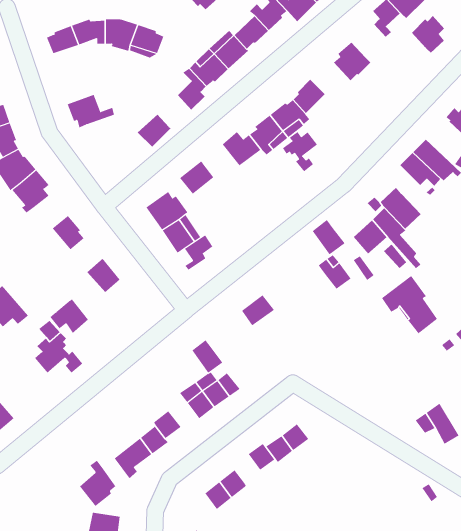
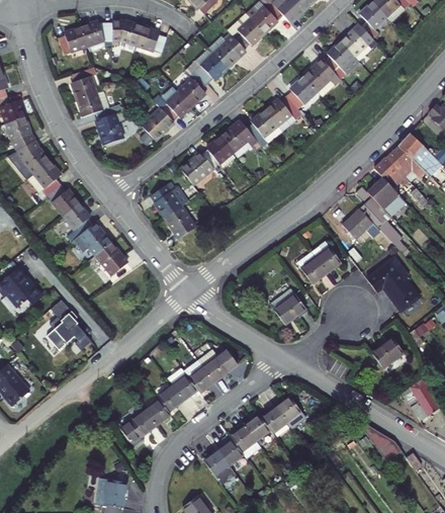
building: [411,15,445,54] -> [341,26,372,62]
building: none -> [302,59,342,97]
building: none -> [71,67,97,100]
building: none -> [161,92,192,121]
building: none -> [95,109,131,146]
building: [282,131,318,172] -> none
building: none -> [203,138,237,169]
building: none -> [373,157,405,183]
building: none -> [47,185,78,216]
building: [312,219,346,255] -> [295,250,327,283]
building: [184,235,213,271] -> none
building: [241,295,275,326] -> [274,294,305,324]
building: [49,299,89,334] -> [74,224,110,256]
building: [192,340,223,373] -> [168,368,197,400]
building: none -> [372,337,403,366]
building: none -> [359,422,401,461]
building: none -> [231,425,260,457]
building: [79,460,116,507] -> none

